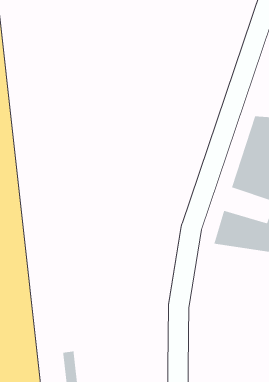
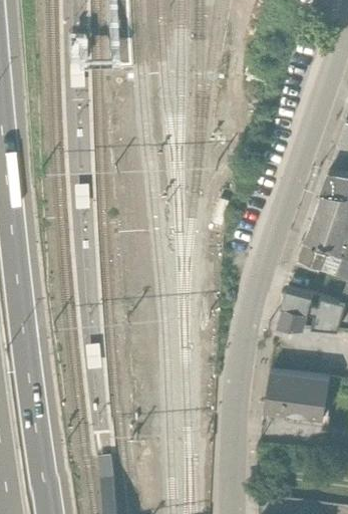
building: none -> [264,371,325,416]

